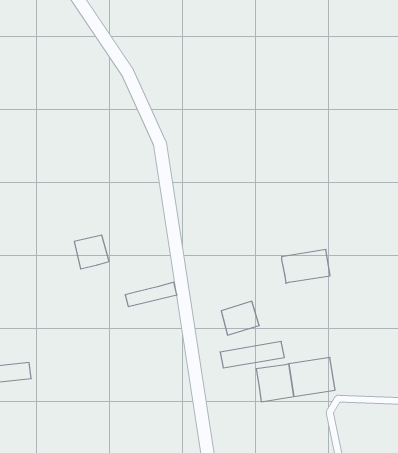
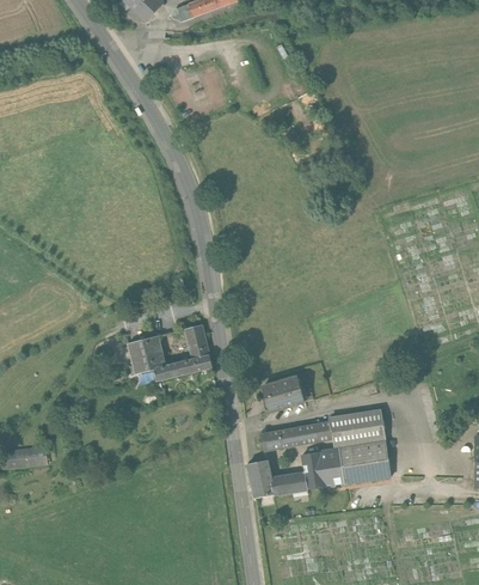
building: [74,235,109,269] -> [127,335,166,373]
building: [282,249,330,283] -> [330,409,385,447]
building: none -> [184,324,208,359]
building: none -> [246,459,307,498]

